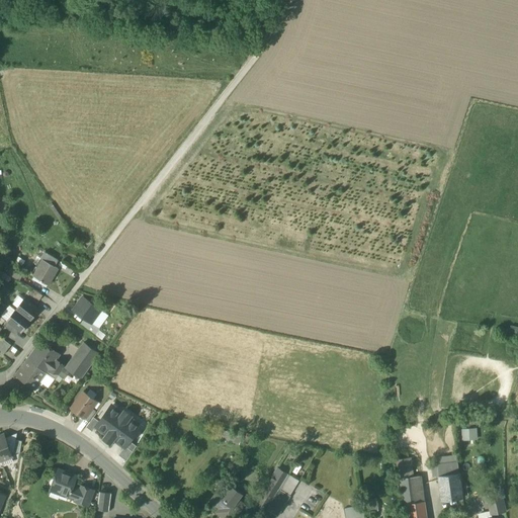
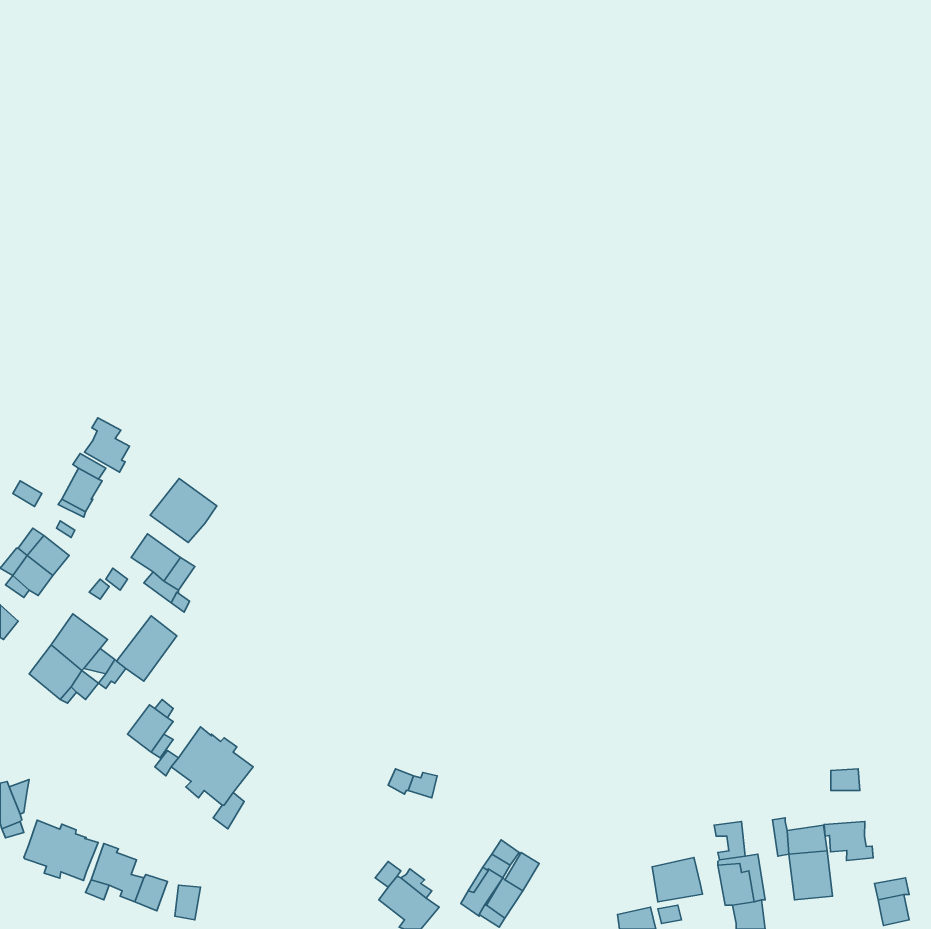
building: none -> [85,418,129,472]
building: none -> [150,479,217,542]
building: none -> [24,820,98,881]
building: none -> [824,822,873,860]
building: none -> [652,857,702,902]

